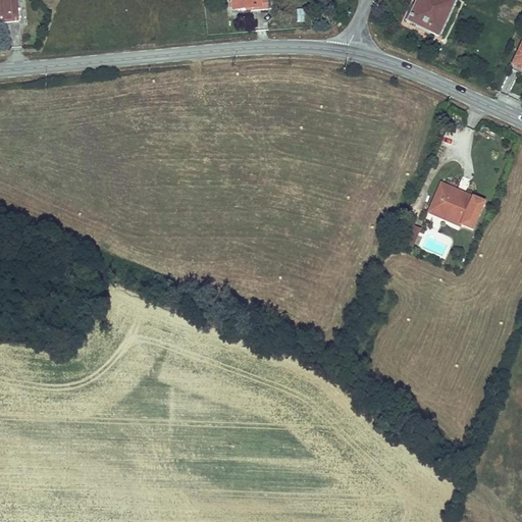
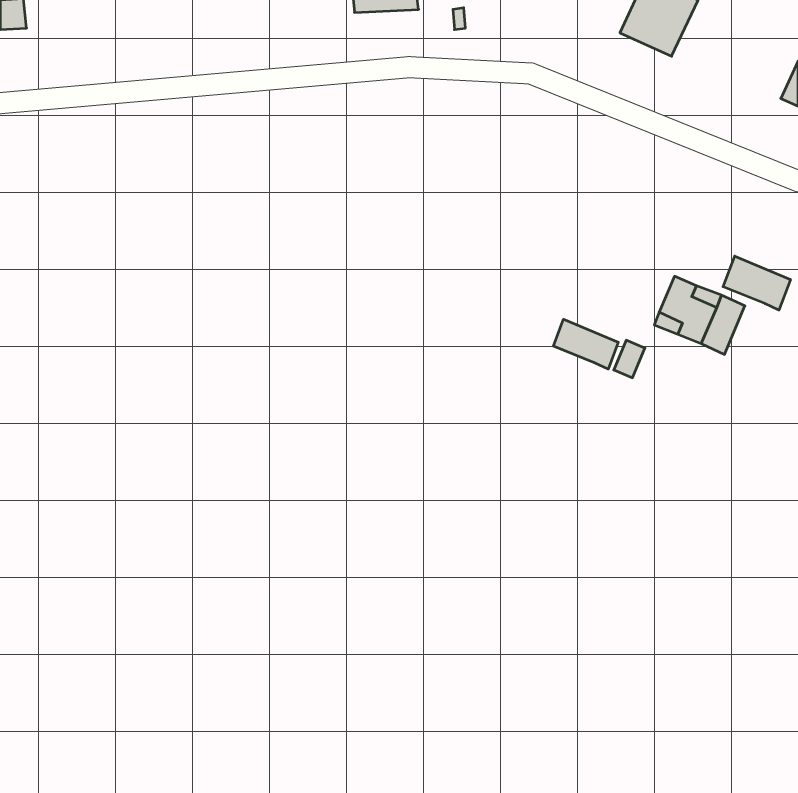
building: none -> [723,256,790,310]
building: none -> [554,319,618,369]

